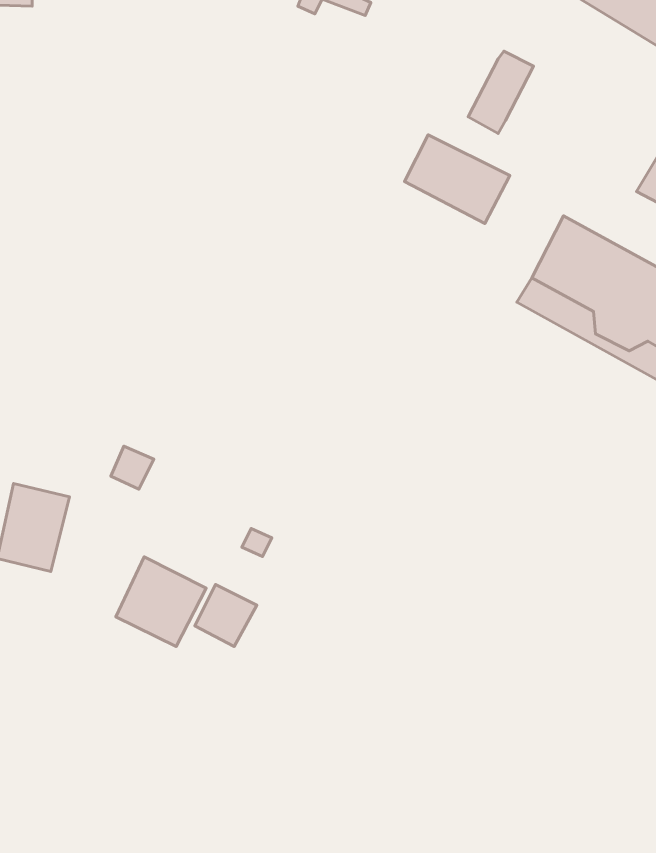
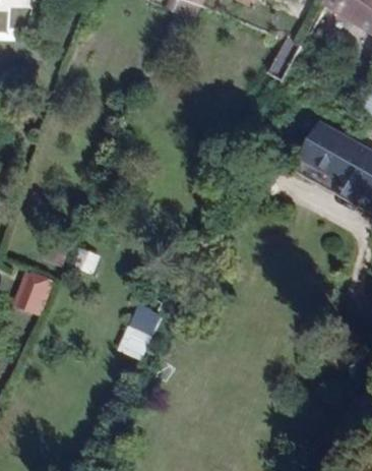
building: [405,135,510,224] -> none
building: [116,557,206,646] -> none

